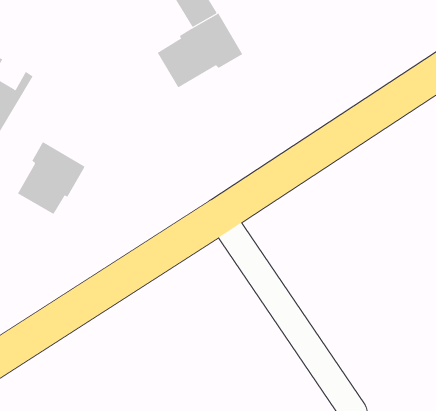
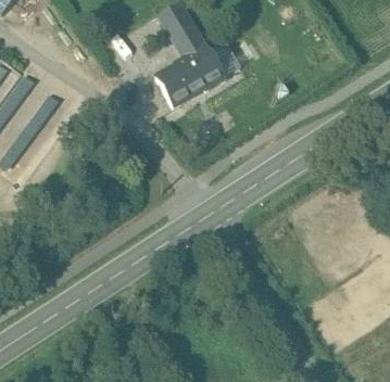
building: [17,141,86,215] -> none

